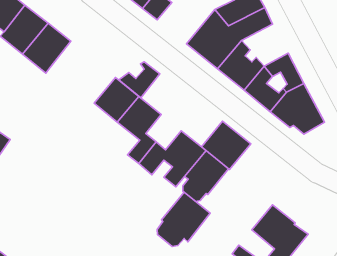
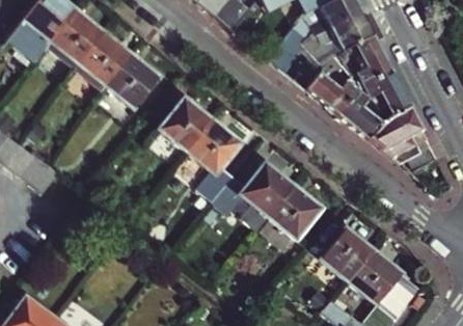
building: none -> [354,33,392,84]
building: none -> [106,54,159,108]
building: [119,62,160,98] -> none
building: [201,121,251,169] -> none
building: none -> [320,227,374,281]
building: [157,192,210,246] -> none

